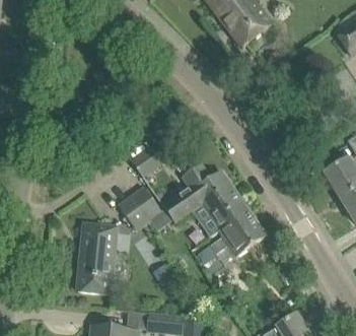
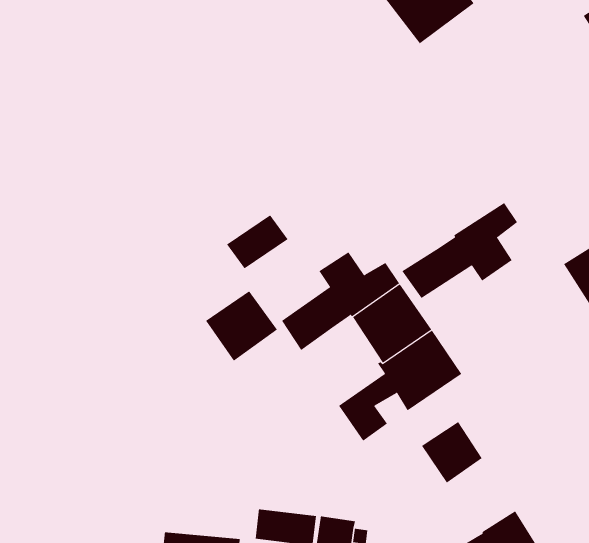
building: none -> [402,202,518,299]
building: [77,222,115,292] -> none
building: none -> [421,421,482,483]

